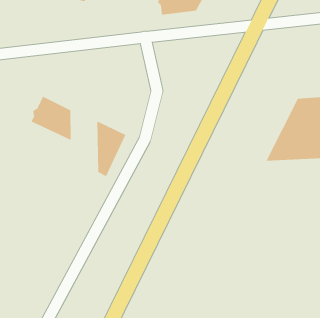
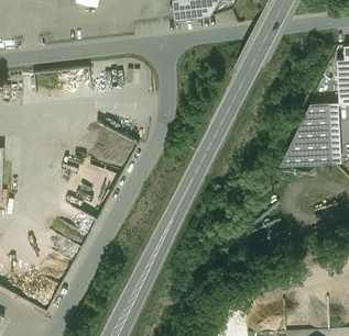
building: [31,96,71,141] -> none

